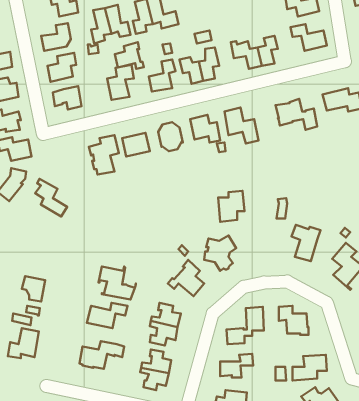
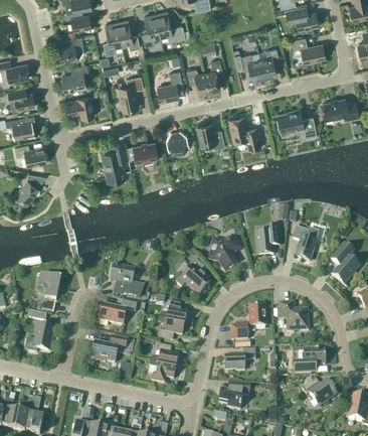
building: [115,42,144,69] -> none
building: [35,179,67,216] -> none
building: [218,191,245,222] -> [254,227,280,256]

